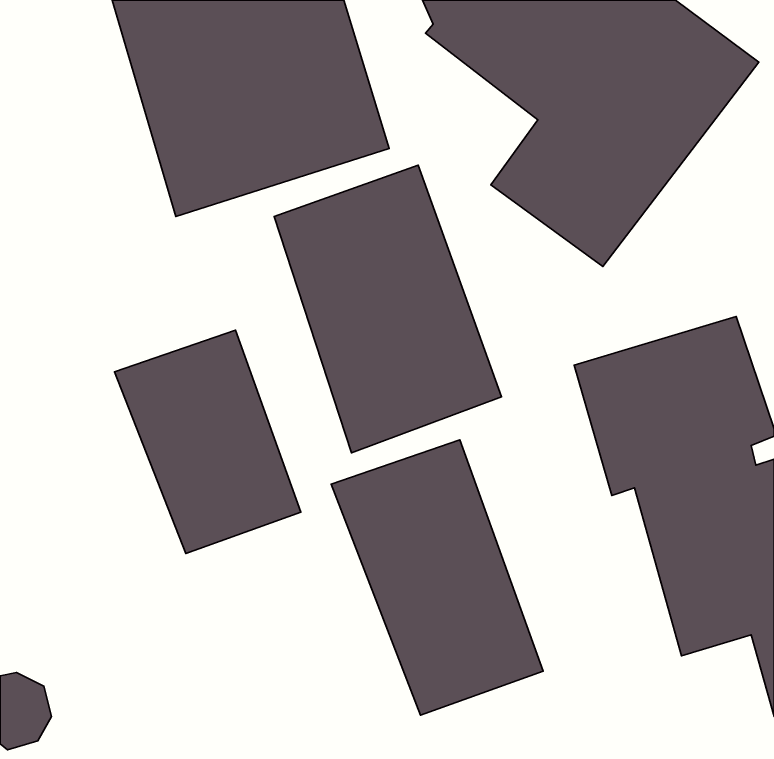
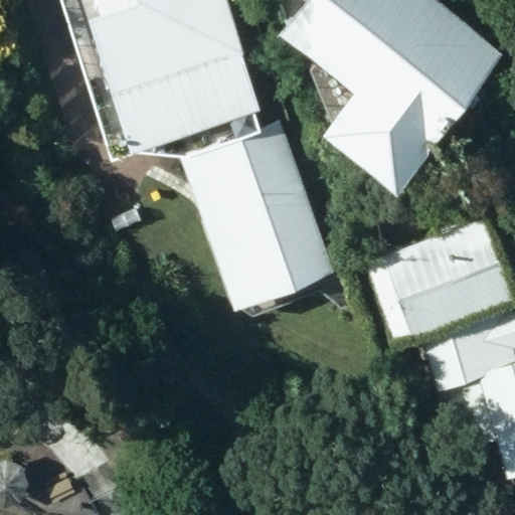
building: [114,330,301,554] -> none
building: [331,440,543,715] -> none

